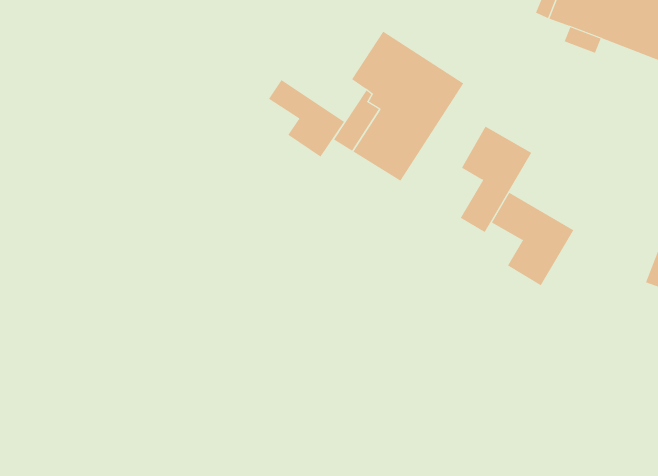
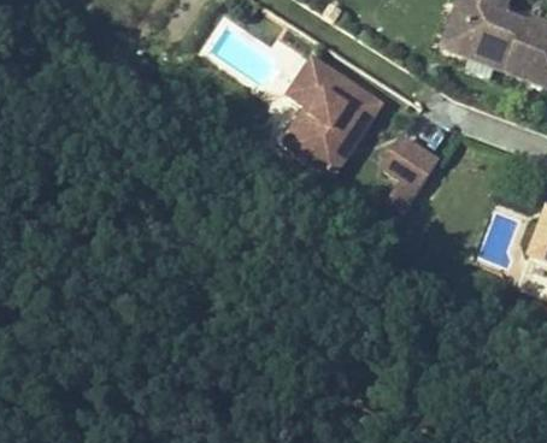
building: [268,79,345,158] -> none
building: [491,192,574,286] -> none

